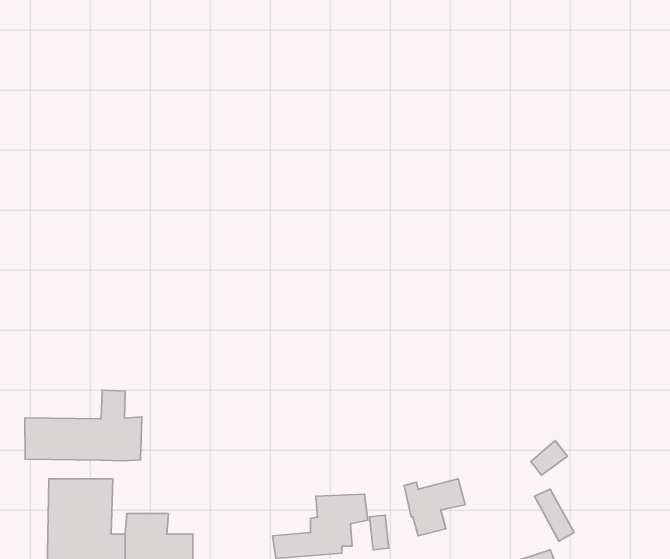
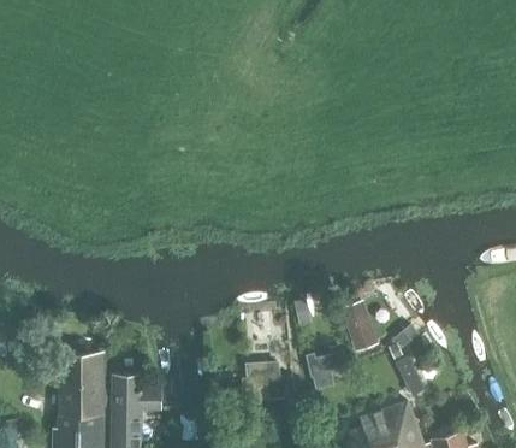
building: [25,390,142,461] -> none
building: none -> [342,301,378,352]

